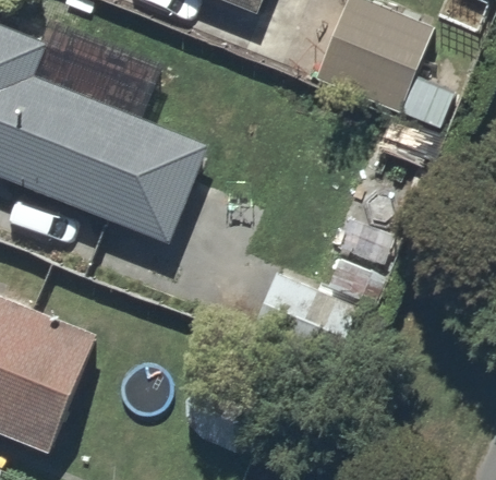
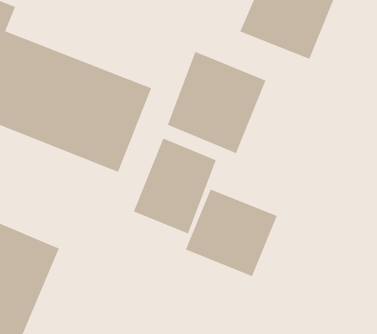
building: none -> [167,51,267,154]
building: none -> [133,138,217,235]

